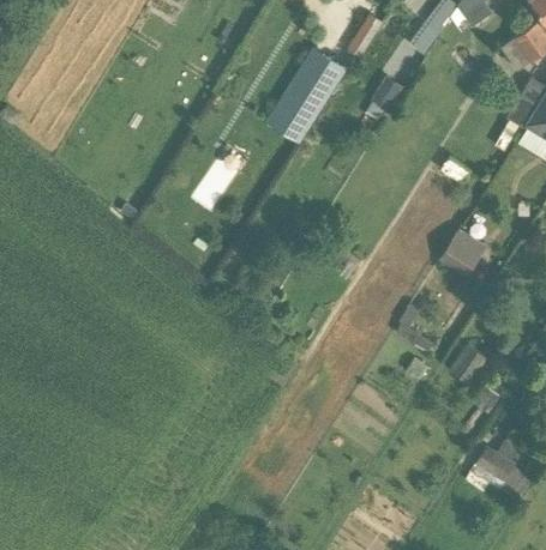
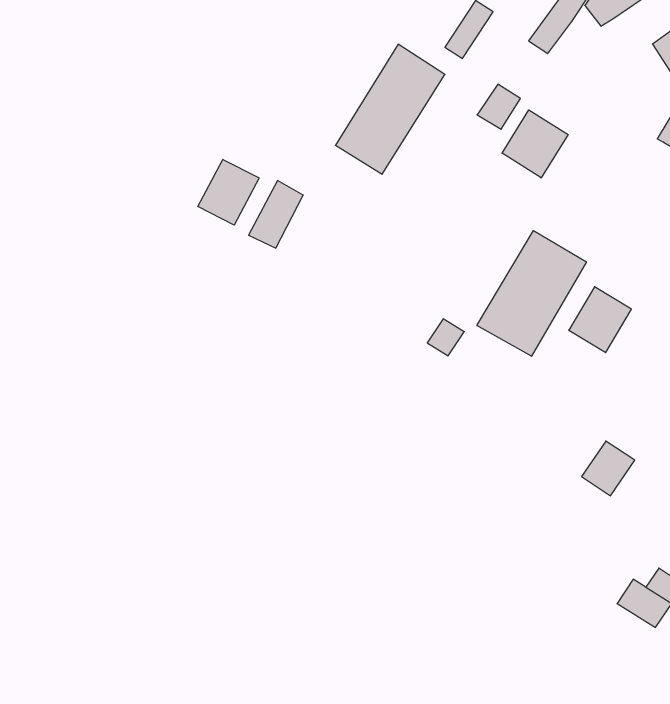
building: none -> [502,110,568,178]
building: none -> [198,159,259,225]
building: none -> [477,231,586,356]

